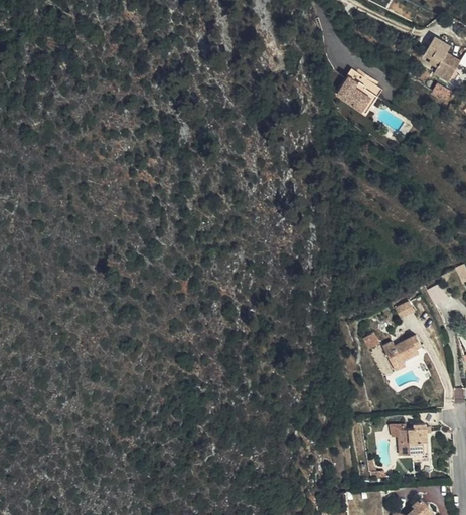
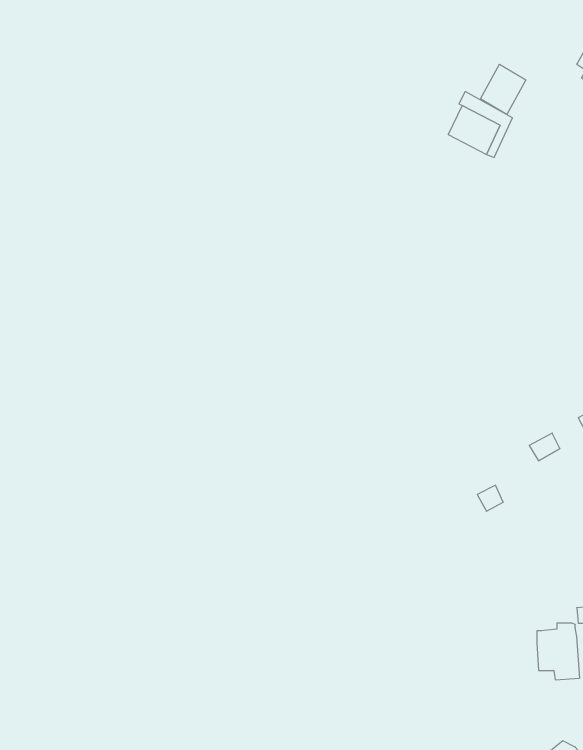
building: none -> [481,64,526,115]
building: [380,335,421,372] -> none

